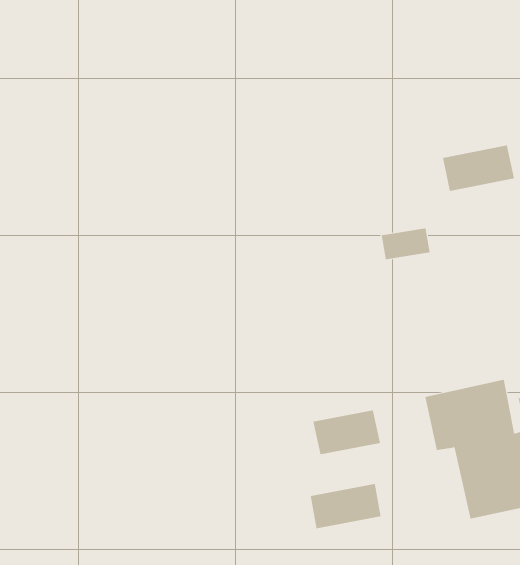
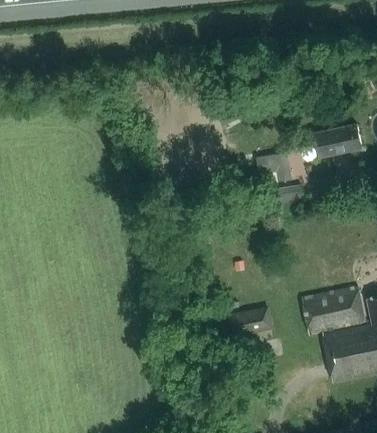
building: none -> [255,152,290,182]
building: [310,483,381,529] -> none

